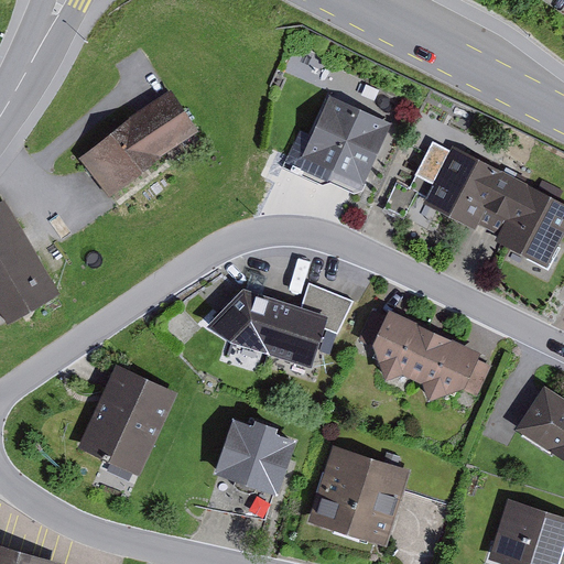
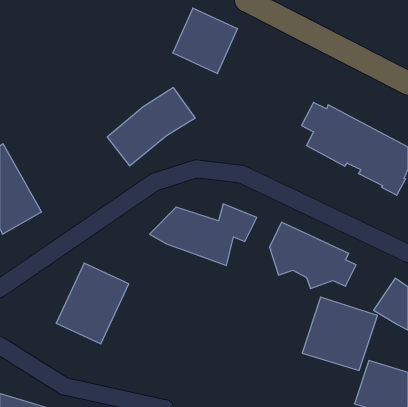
building: [78,90,199,198] -> [107,88,195,166]
building: [301,96,390,186] -> [173,8,238,74]
building: [213,417,296,496] -> none
building: [307,445,411,546] -> [302,297,377,371]

